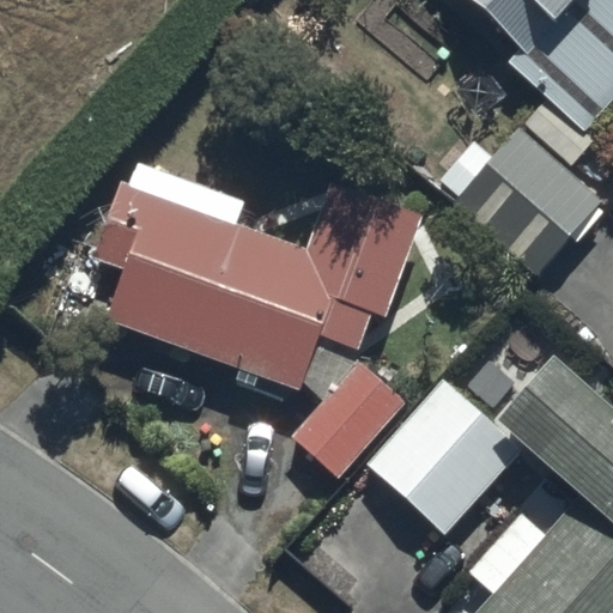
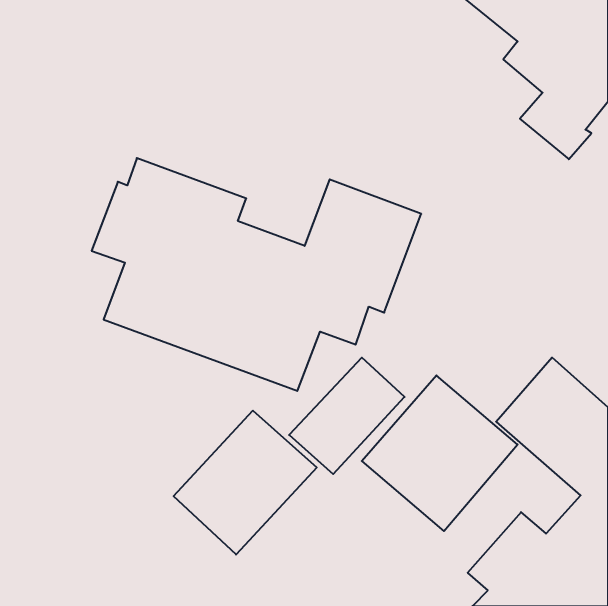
building: [439,127,603,277] -> none
building: none -> [174,411,317,555]

